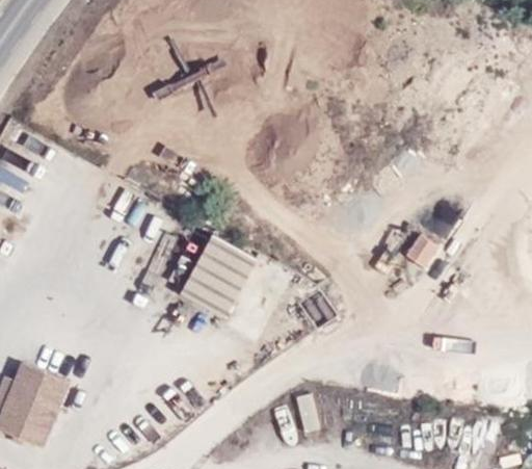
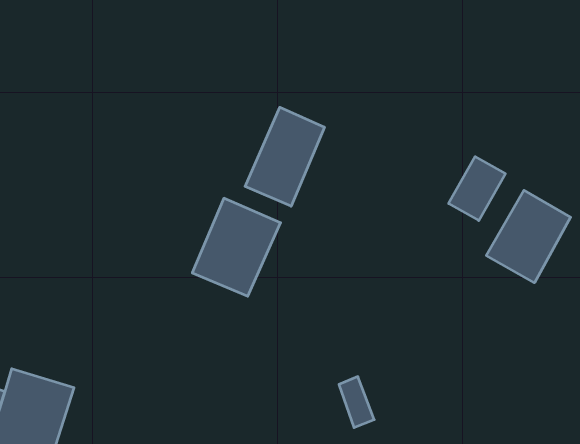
building: none -> [245,107,324,206]
building: none -> [486,190,571,283]

